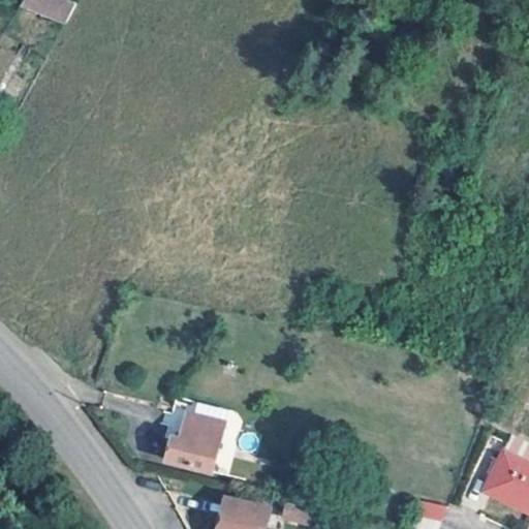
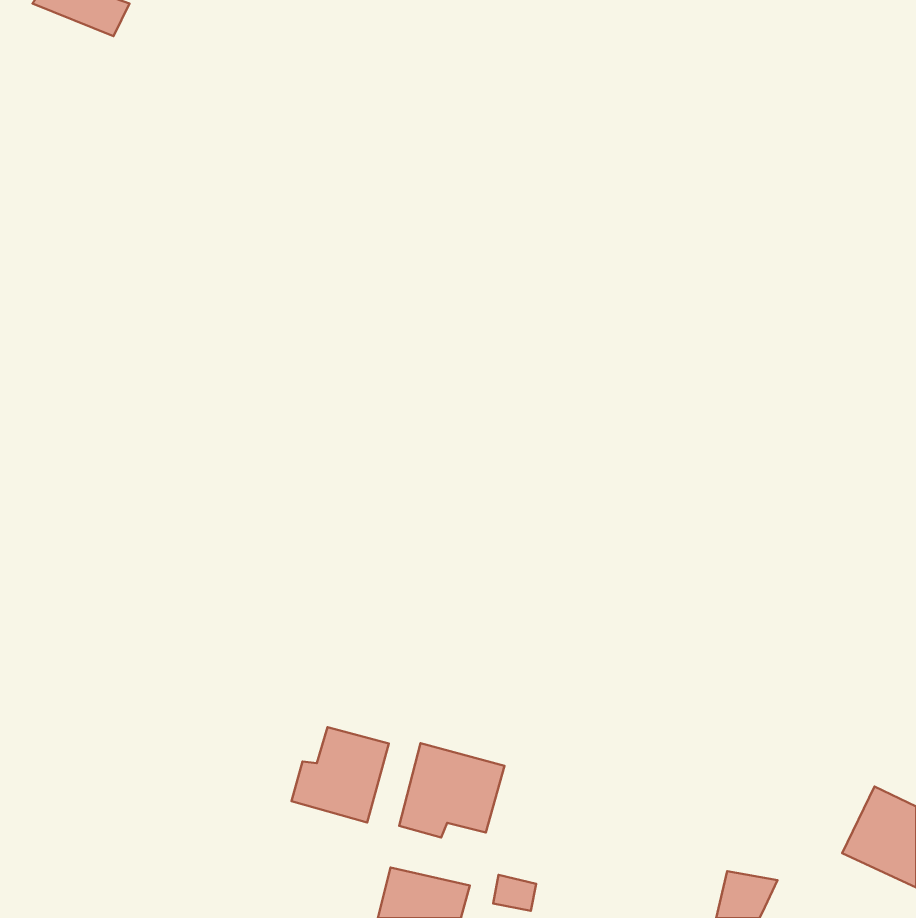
building: none -> [399,743,505,837]

